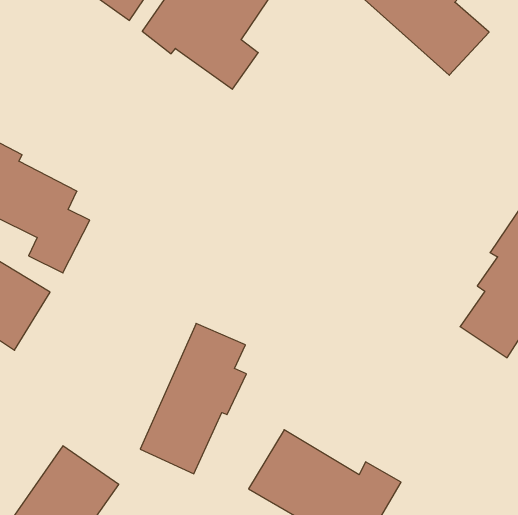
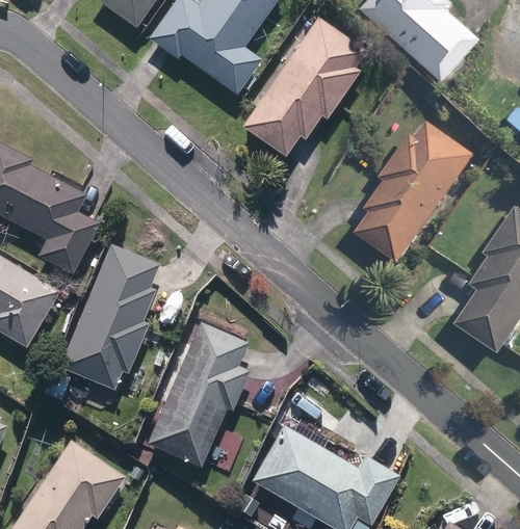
building: none -> [241,17,366,156]
building: none -> [357,121,477,264]
building: none -> [59,242,159,390]

